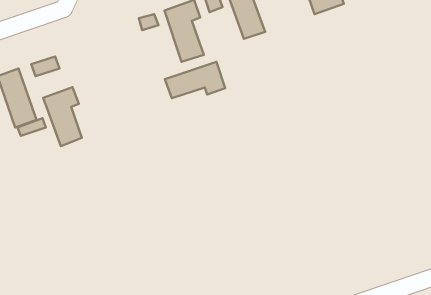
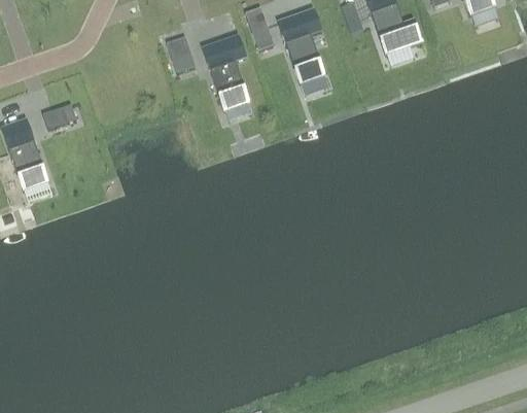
building: [165,62,225,98] -> none
building: [43,87,82,146] -> none

